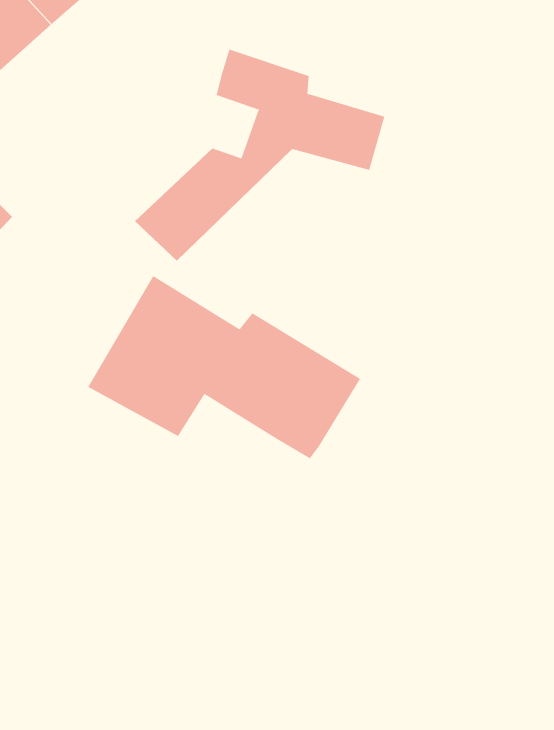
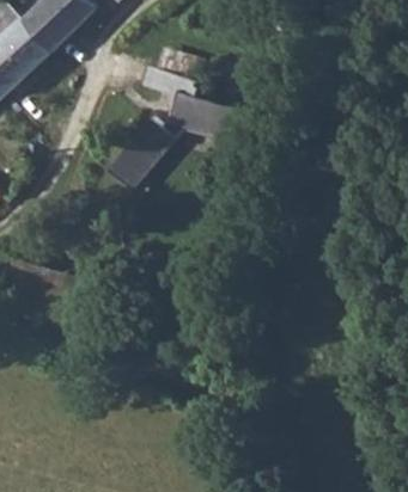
building: [88,275,361,459] -> none

